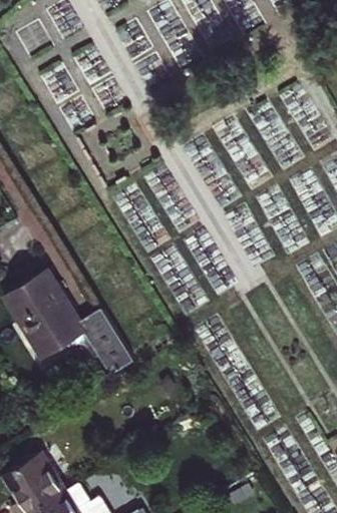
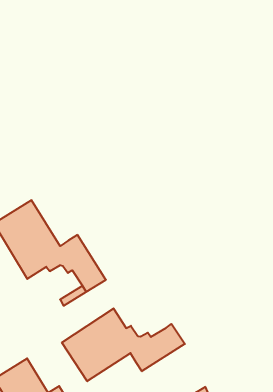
building: none -> [62,308,185,381]

